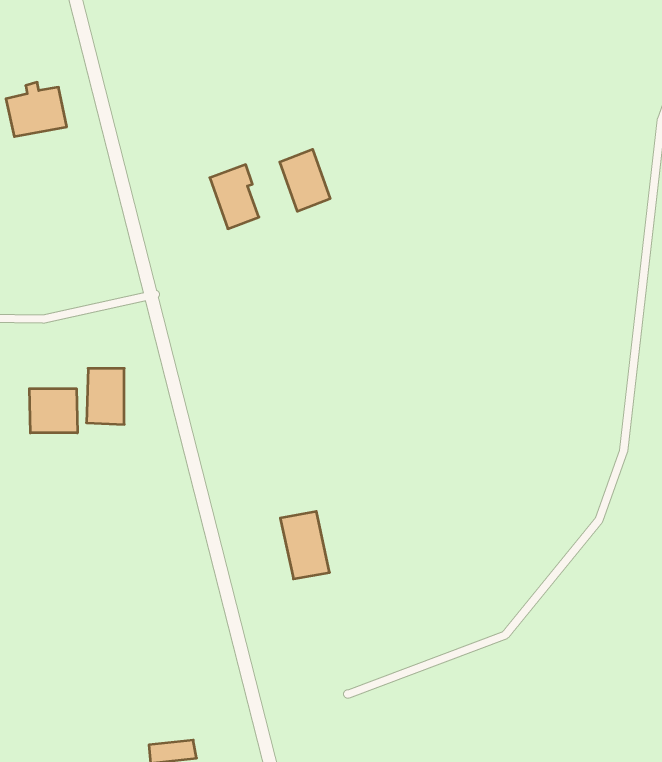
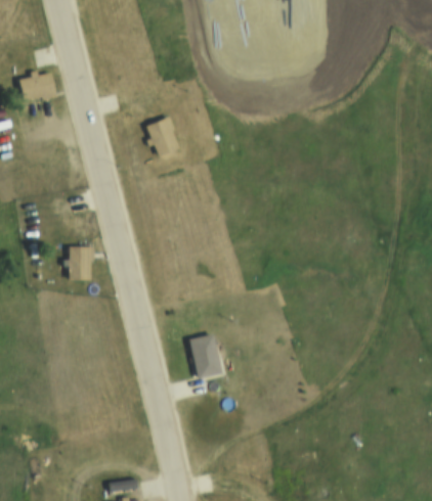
building: [280,149,330,211] -> none
building: [29,389,77,433] -> none

